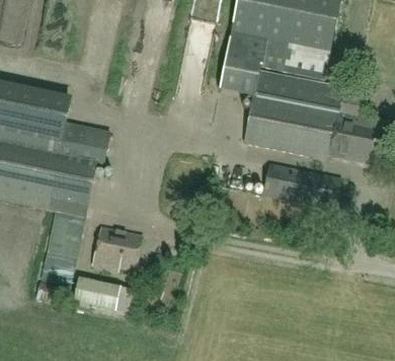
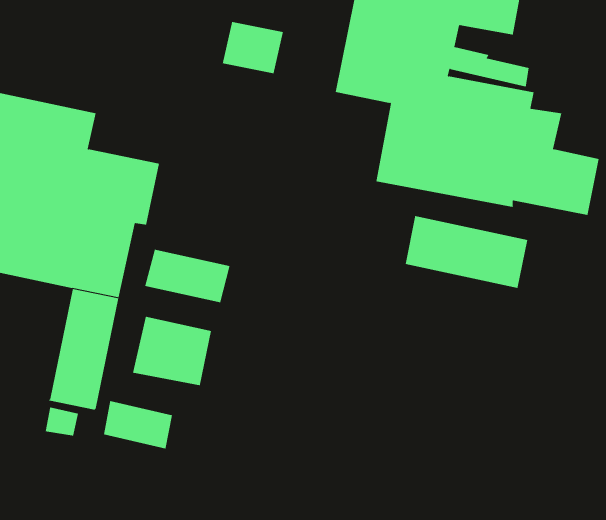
building: none -> [222,21,283,74]
building: none -> [144,249,230,303]

